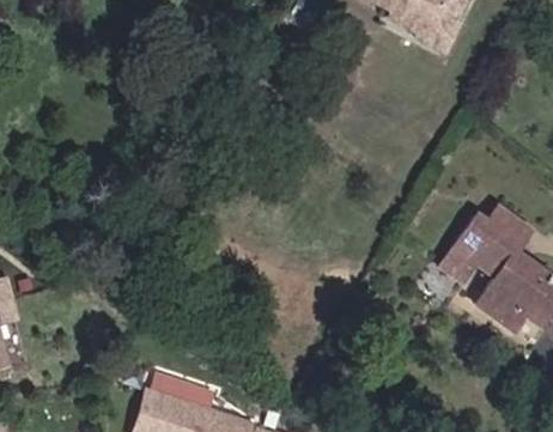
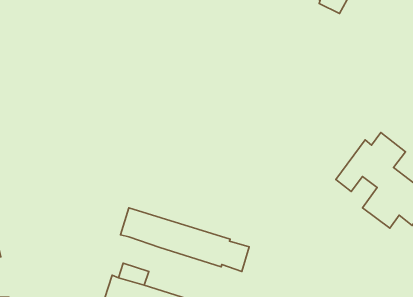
building: none -> [120,208,249,271]

